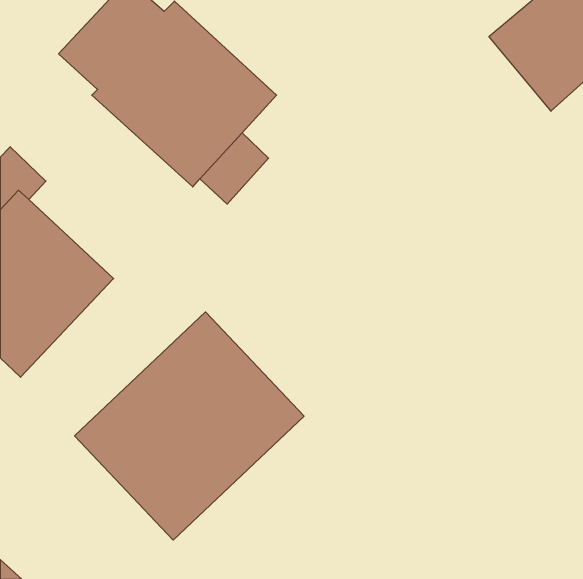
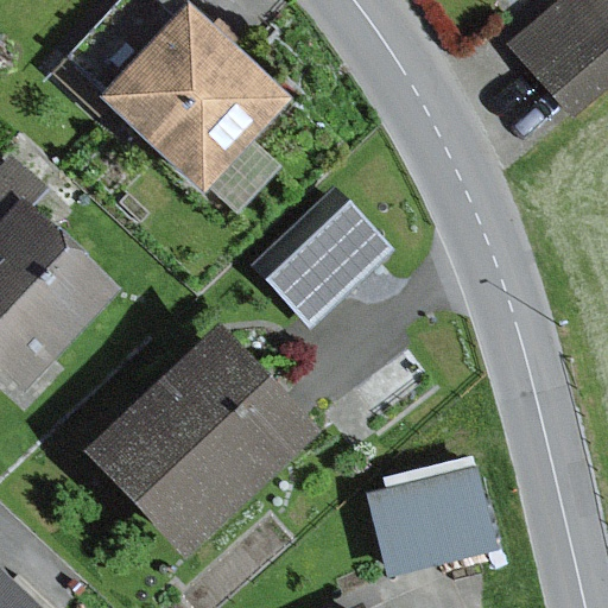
building: none -> [251,184,393,325]
building: none -> [368,463,499,576]

